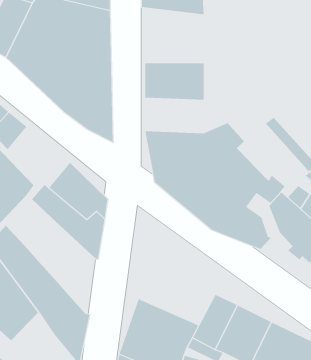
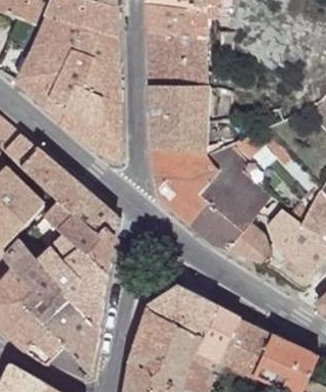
building: none -> [148,33,208,86]
building: none -> [151,119,208,153]
building: none -> [20,147,79,205]
building: none -> [37,234,107,327]
building: none -> [145,285,219,337]
building: none -> [23,325,64,365]

